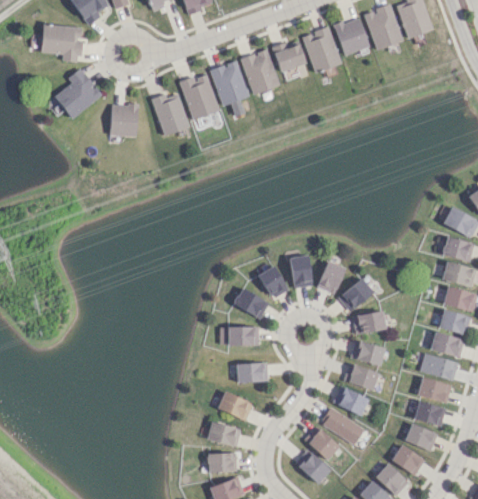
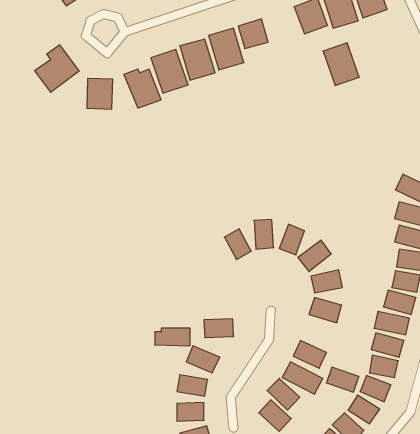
building: [42,24,82,61] -> none
building: [303,26,342,72] -> [323,43,359,86]
building: [233,287,271,319] -> none
building: [221,326,259,345] -> [155,328,190,346]
building: [344,363,379,390] -> [326,367,359,392]

